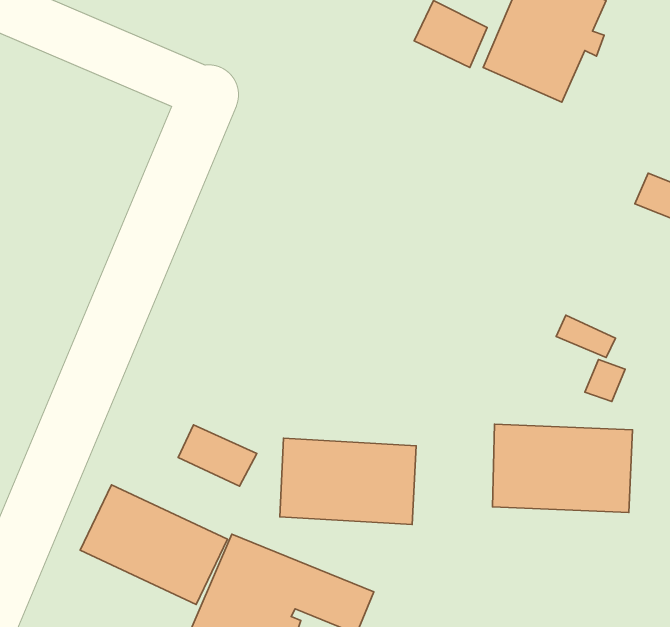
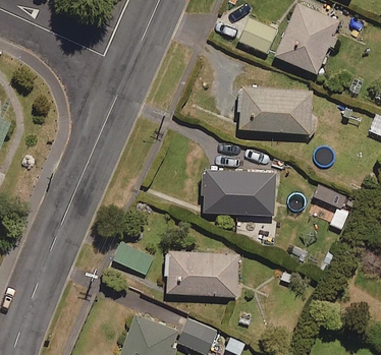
building: none -> [235,88,315,134]
building: [492,424,633,512] -> [203,170,277,217]
building: [80,485,227,604] -> none

